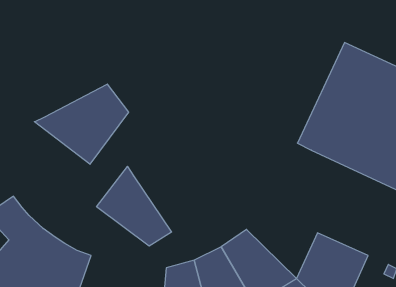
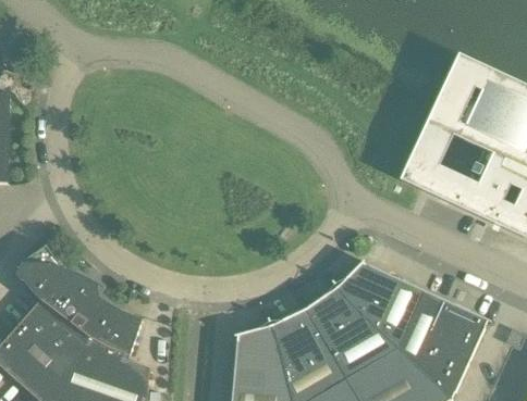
building: [34,84,129,164] -> none
building: [97,166,172,246] -> none
building: none -> [336,262,425,348]

